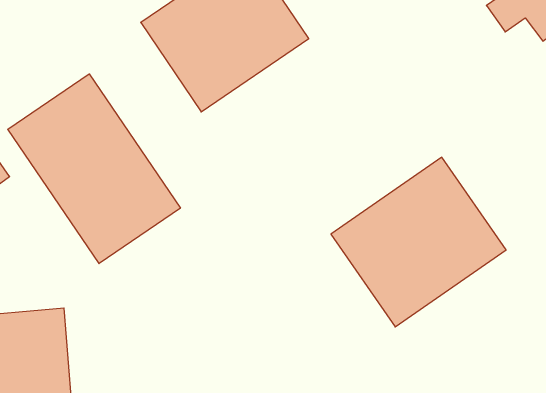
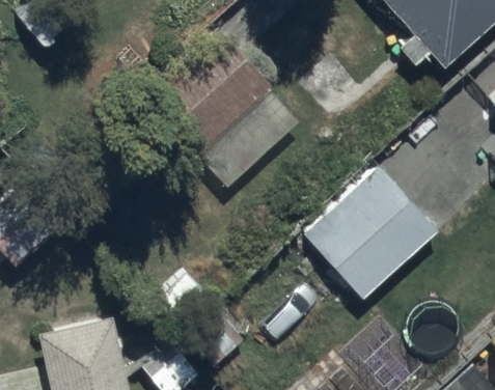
building: [8,74,180,264] -> none

